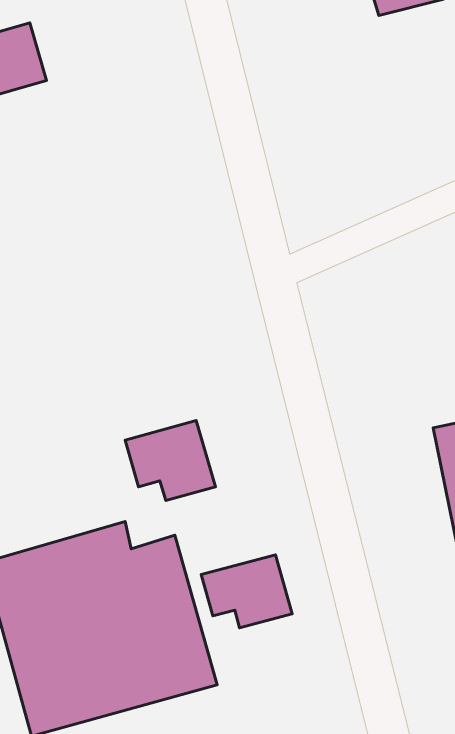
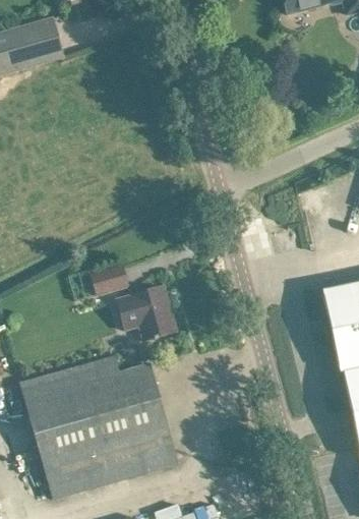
building: none -> [88,265,127,293]
building: [201,555,292,628] -> none

